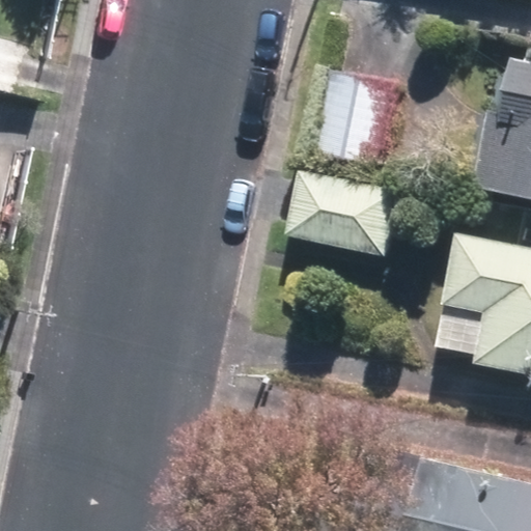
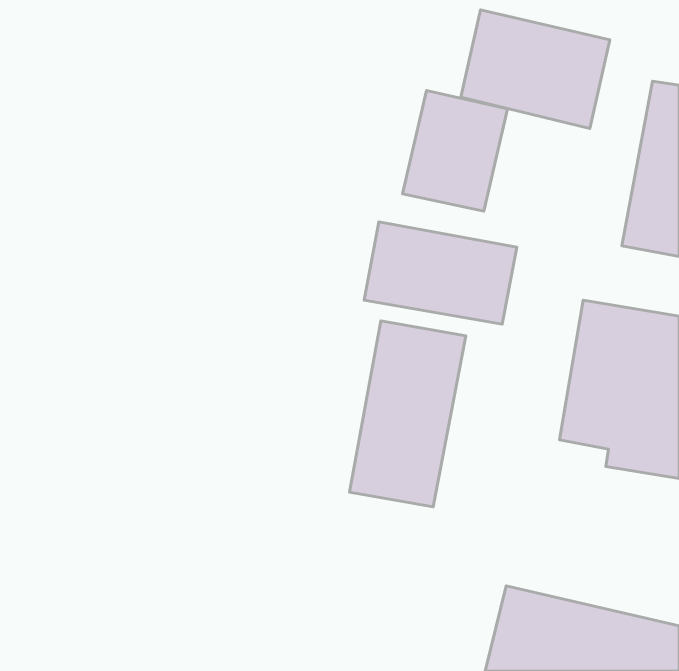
building: none -> [461,10,610,128]
building: none -> [350,321,466,507]

